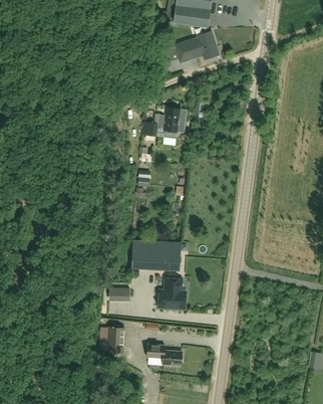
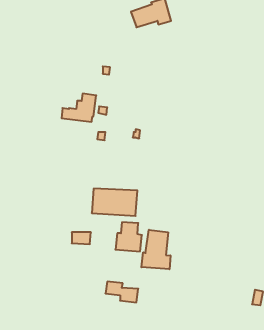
building: [143,107,182,138] -> [62,94,96,122]
building: none -> [141,230,170,269]
building: [107,328,124,353] -> none

